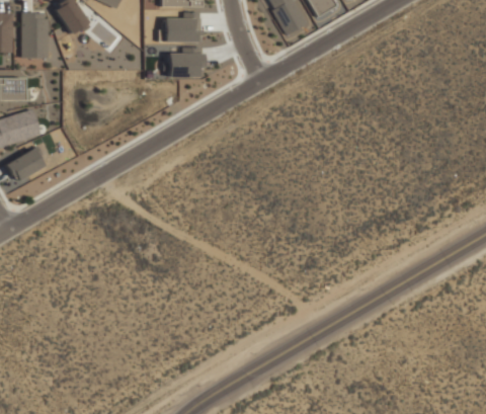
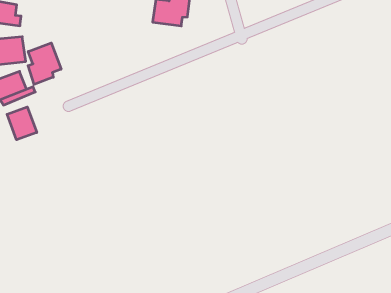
building: none -> [28,43,61,84]
building: none -> [7,107,37,140]

